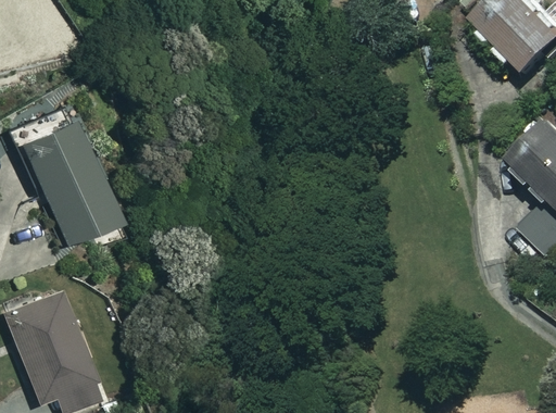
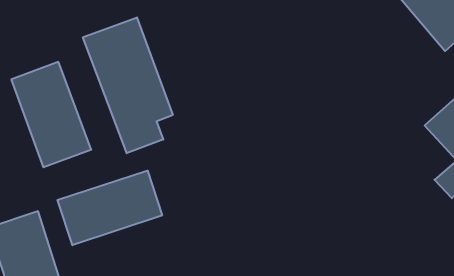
building: none -> [83,17,173,153]
building: none -> [57,171,162,245]

